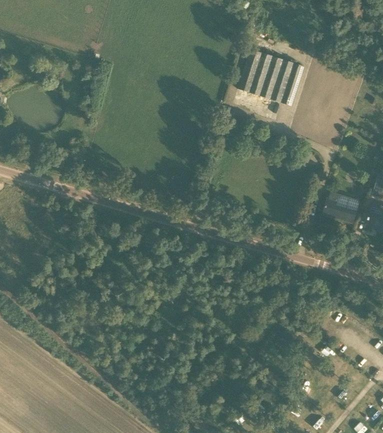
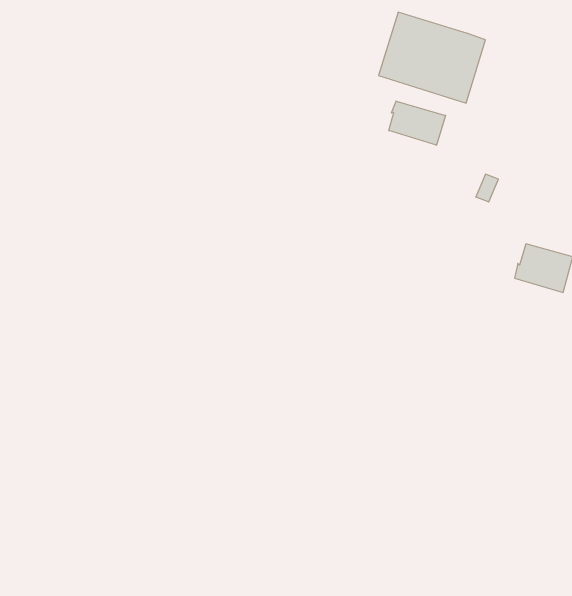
building: none -> [389,101,446,145]

